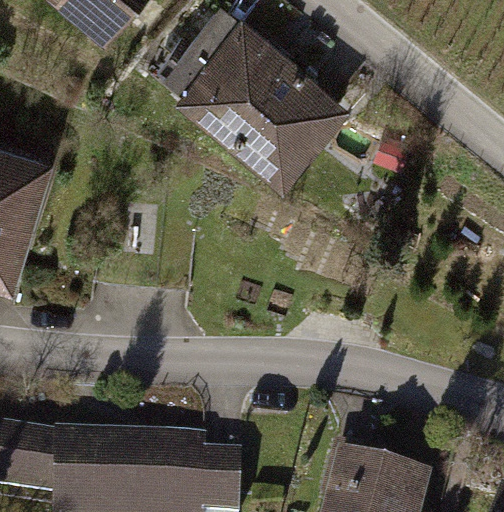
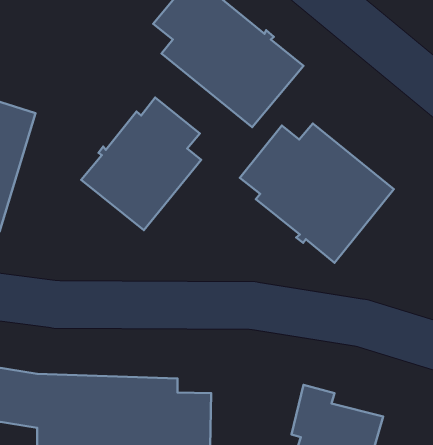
building: none -> [81,98,201,230]
building: none -> [240,123,394,263]

